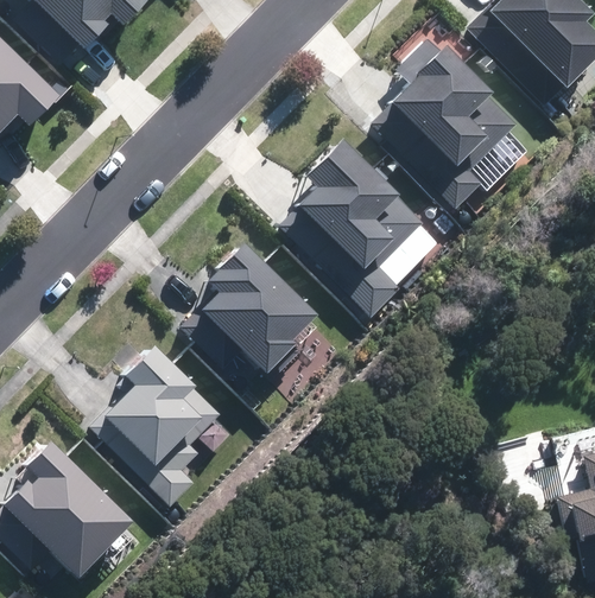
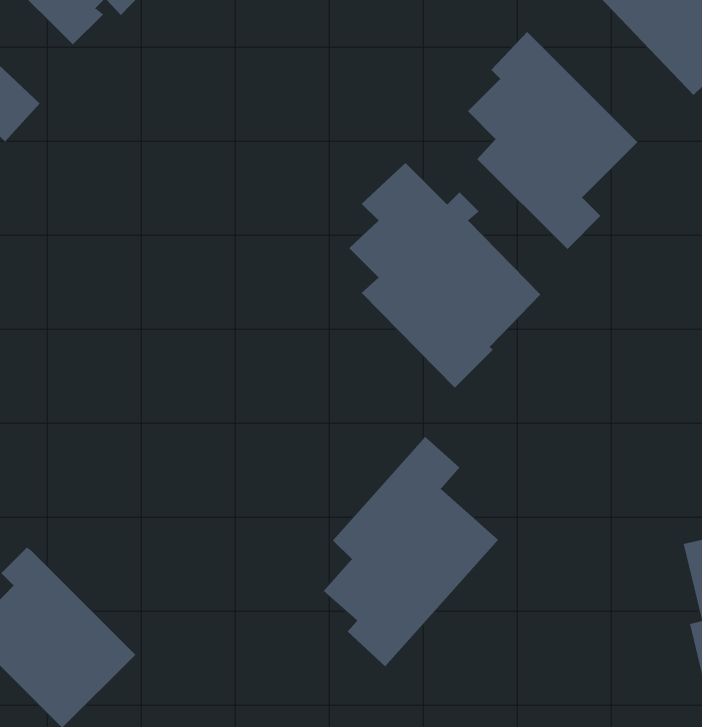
building: [201,243,316,374] -> none
building: [101,342,226,504] -> none
building: none -> [323,436,499,667]

